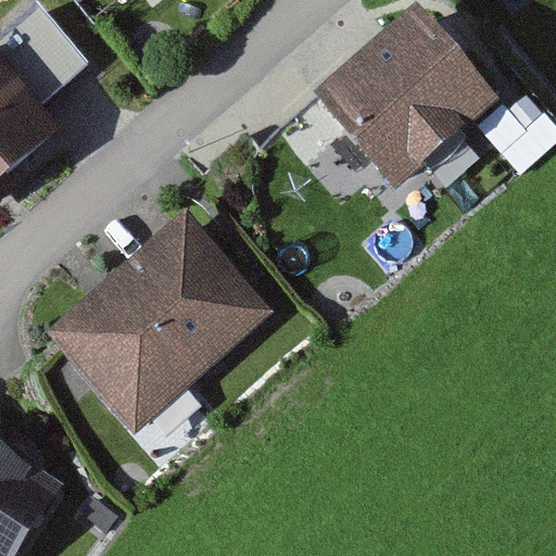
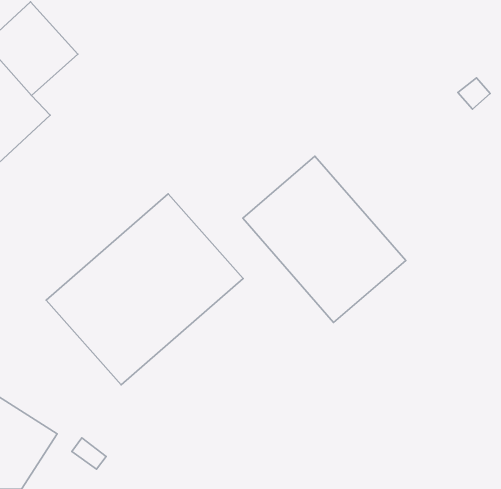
building: [315,9,497,189] -> none
building: none -> [243,156,406,322]

